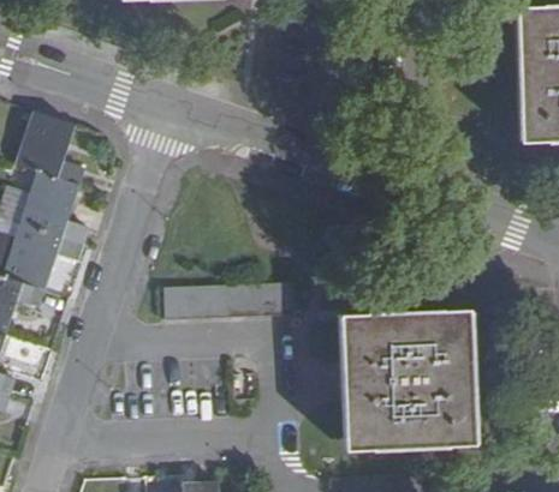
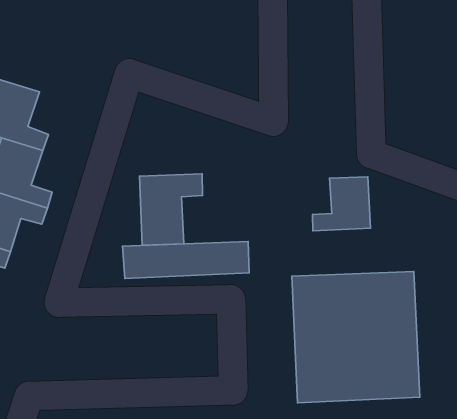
building: none -> [140,174,203,245]
building: none -> [312,177,370,231]

